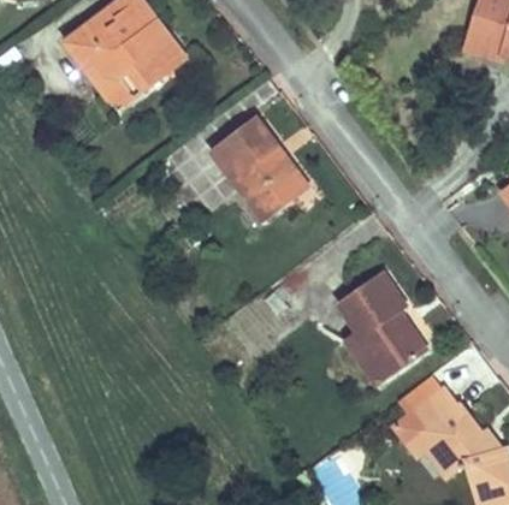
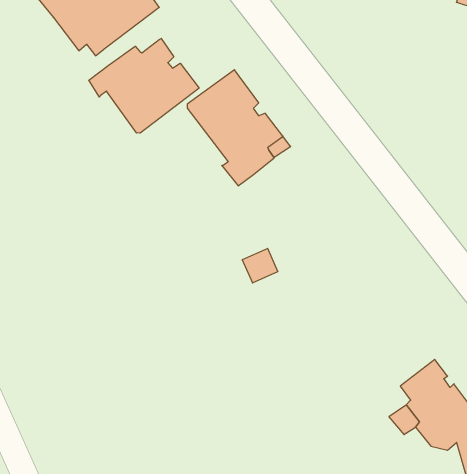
building: none -> [89,38,199,133]
building: [337,269,426,384] -> none

